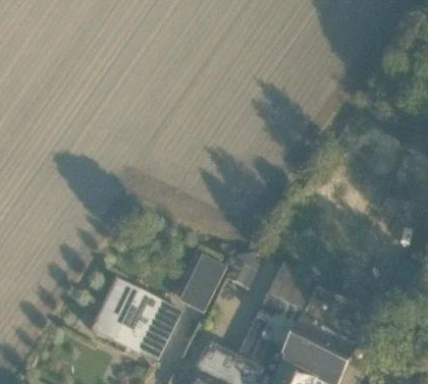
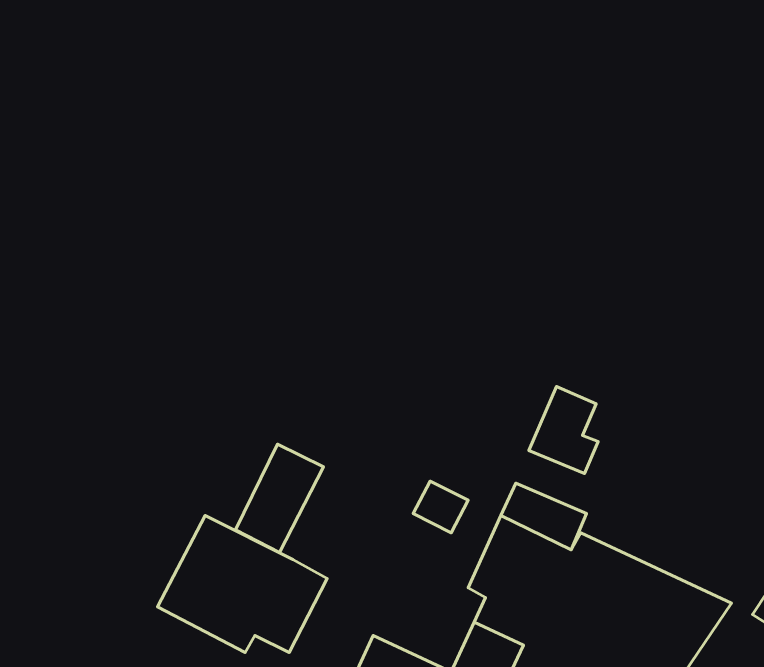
building: none -> [529,387,598,474]
building: [178,253,225,311] -> [236,444,323,553]

